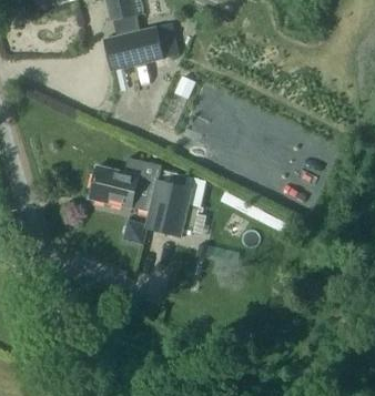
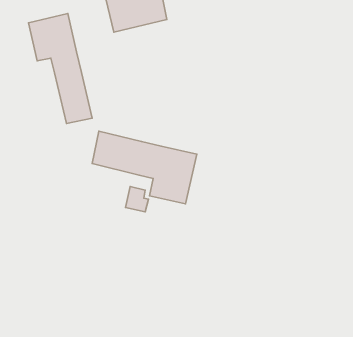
building: none -> [29,14,92,123]

